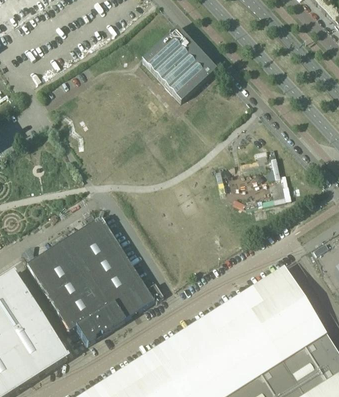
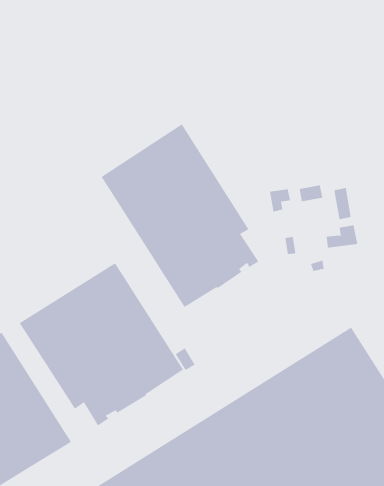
building: [143,26,217,101] -> none
building: none -> [101,123,259,308]

